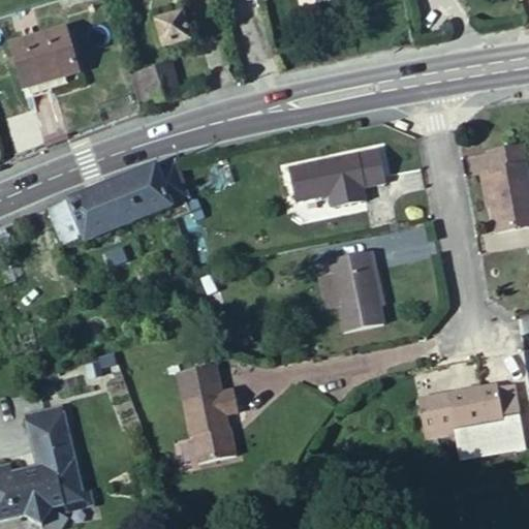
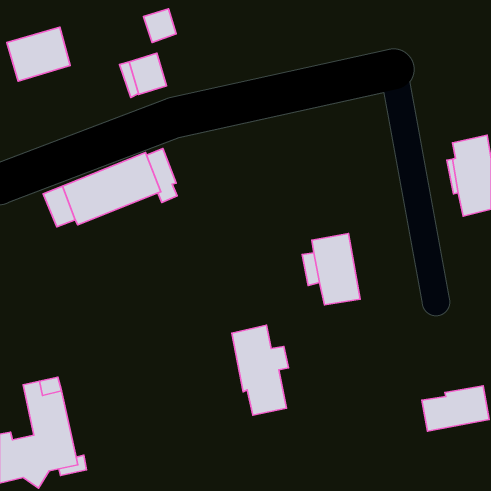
building: [288,149,388,204] -> none
building: [178,364,239,460] -> [232,325,289,415]
building: [419,382,517,429] -> none

